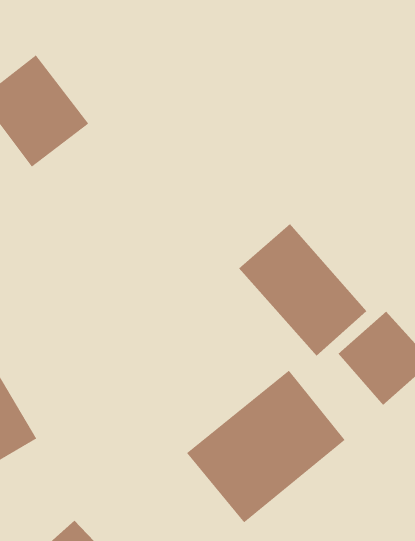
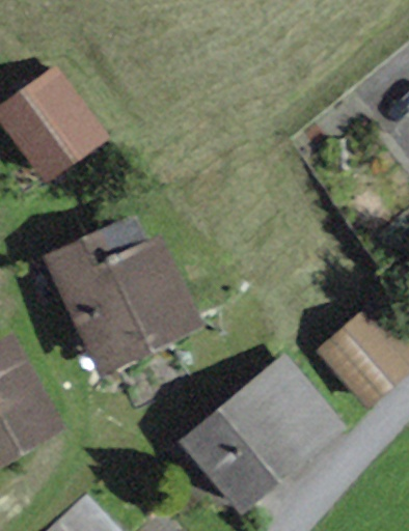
building: [238,223,367,356] -> none
building: none -> [52,234,195,366]

